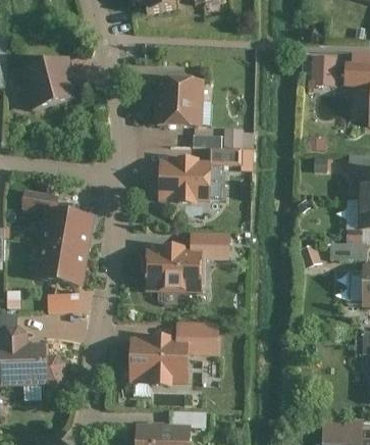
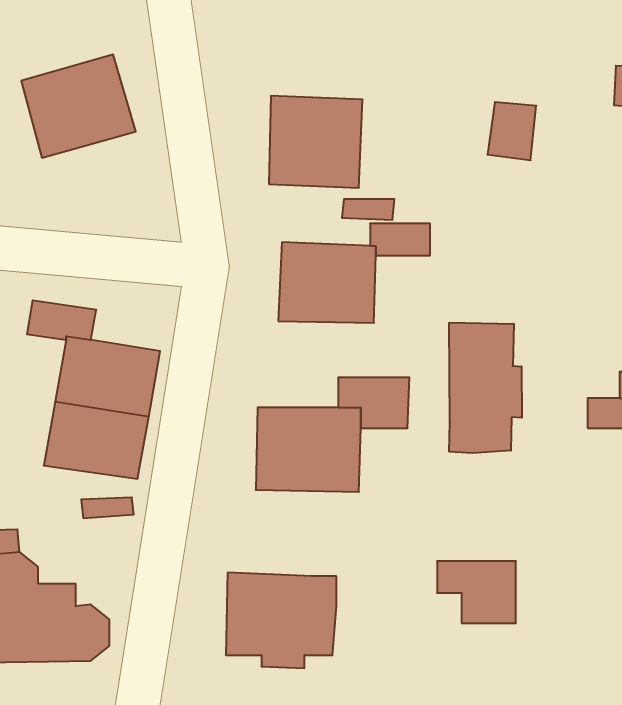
building: [313,49,339,81] -> [487,102,536,160]
building: none -> [449,323,522,453]
building: [176,320,219,354] -> [437,561,516,623]

